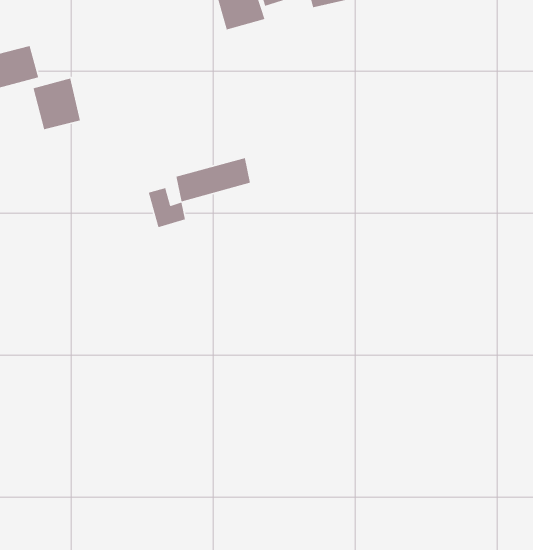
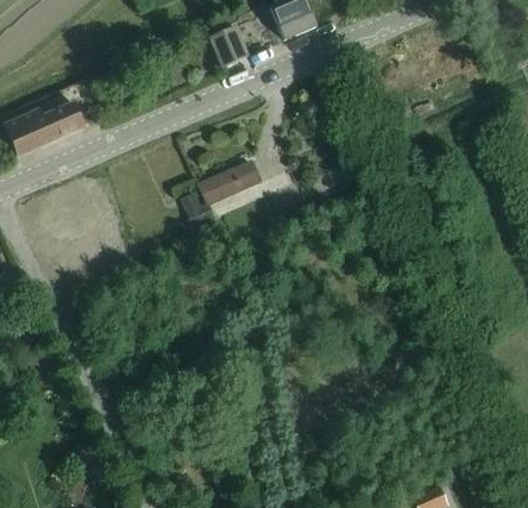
building: [32,78,81,130] -> none

